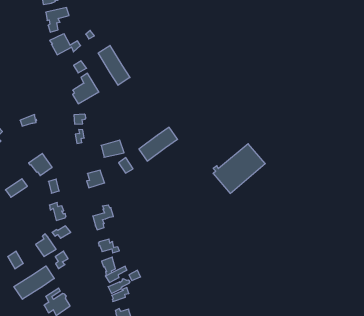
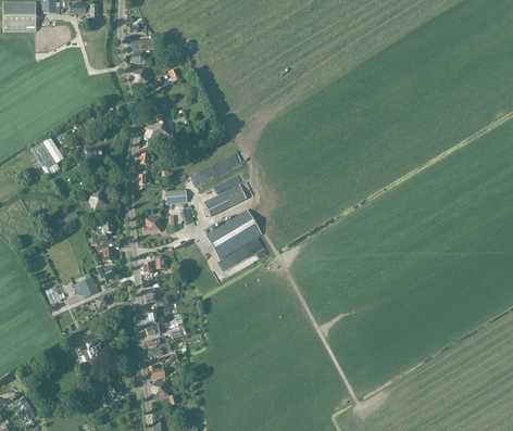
building: [98,45,130,85] -> none
building: [213,144,265,193] -> [204,210,261,258]
building: [14,266,54,299] -> none

